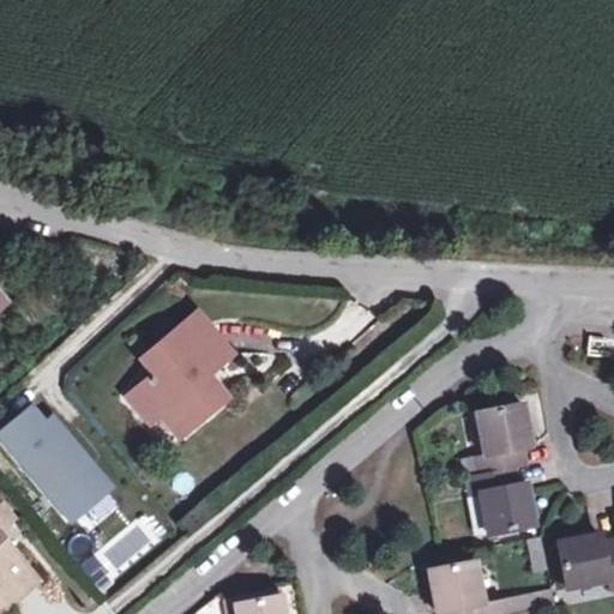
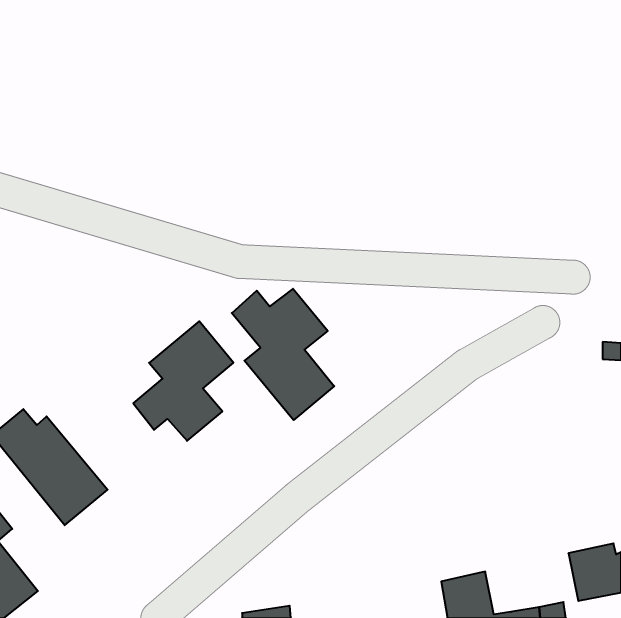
building: none -> [232,289,334,420]
building: [470,402,537,535] -> none

